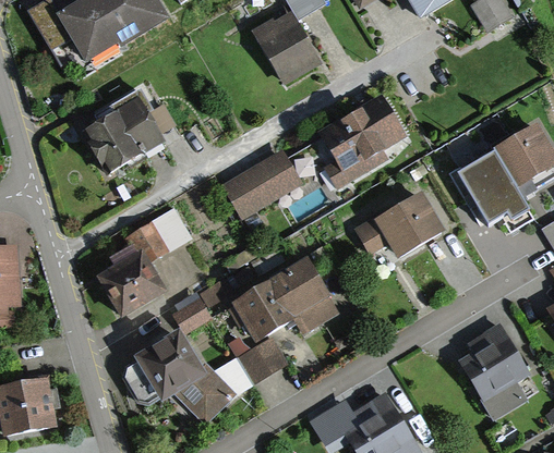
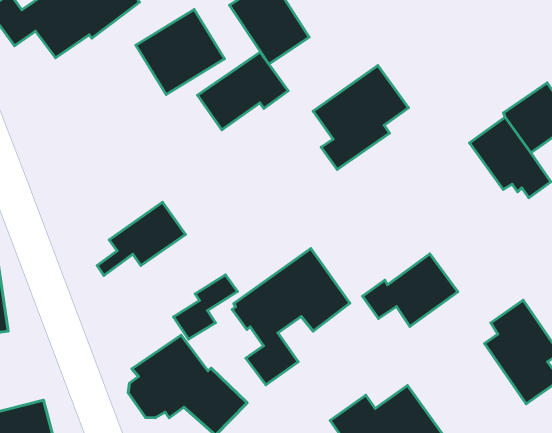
building: [81,100,161,176] -> [136,10,224,95]
building: [222,149,306,218] -> [198,52,288,130]
building: [357,194,445,259] -> [362,254,458,326]
building: [96,249,167,319] -> none

